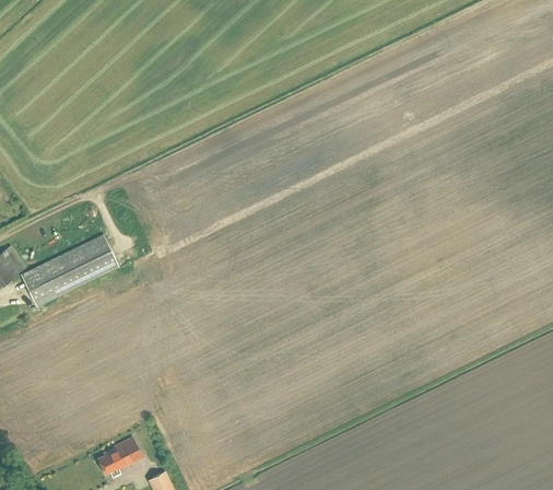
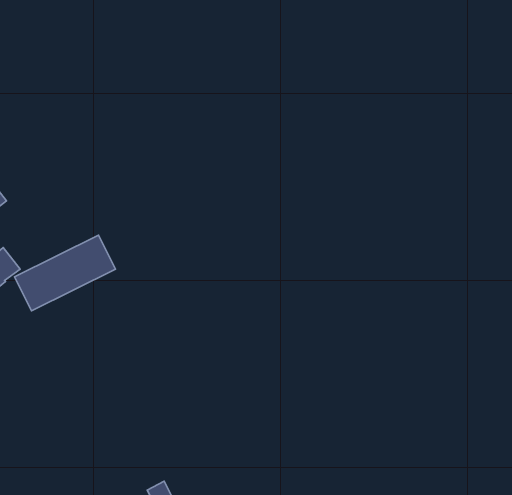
building: [97,436,141,474] -> none

